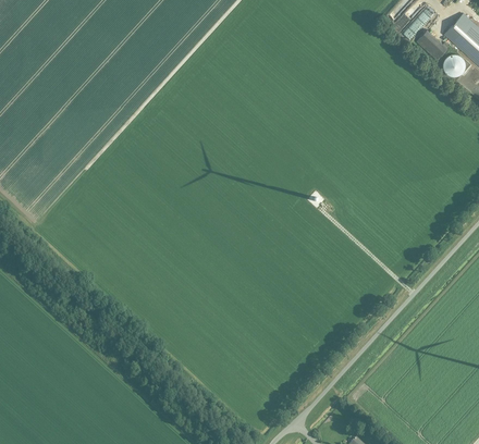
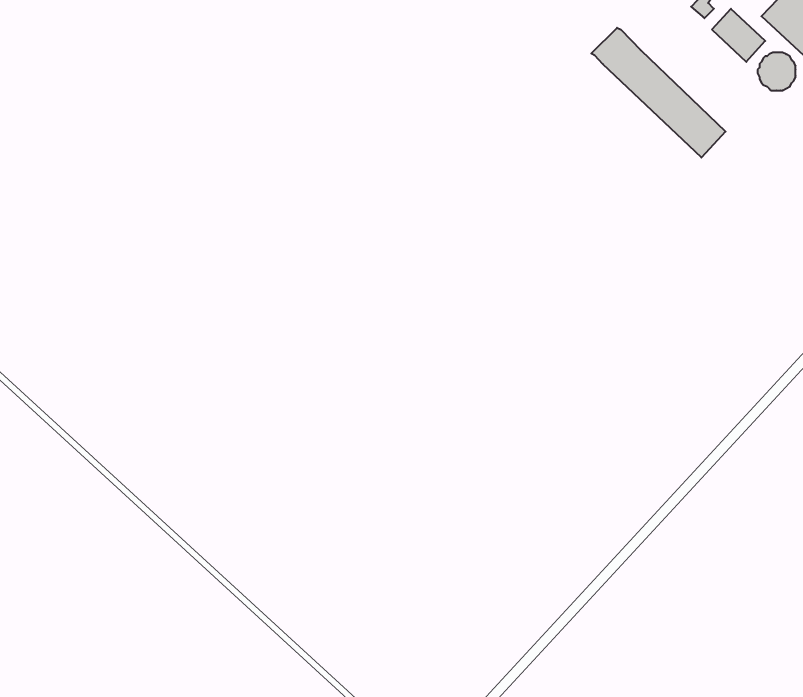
building: none -> [591,28,726,158]

